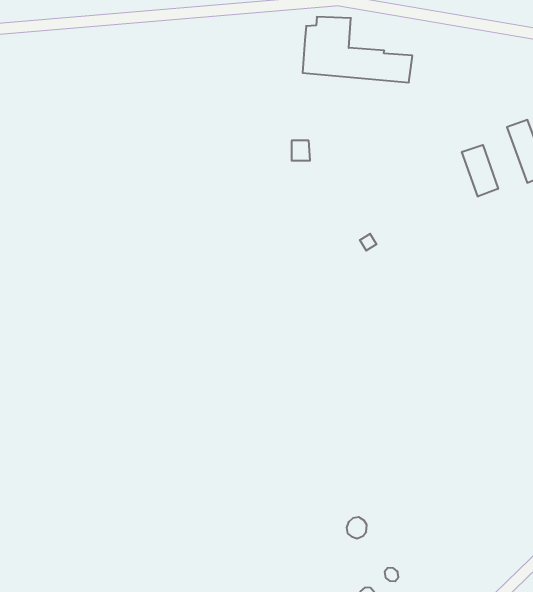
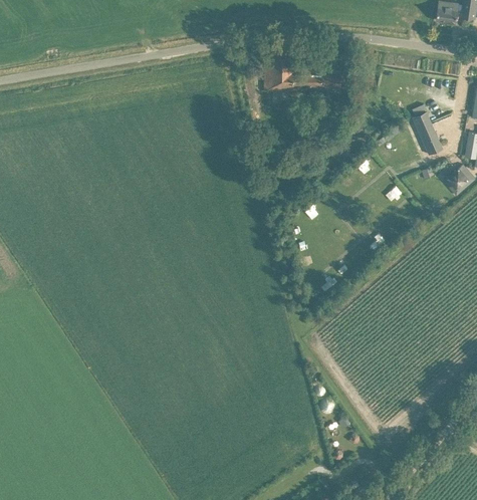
building: [462,145,498,197] -> none

